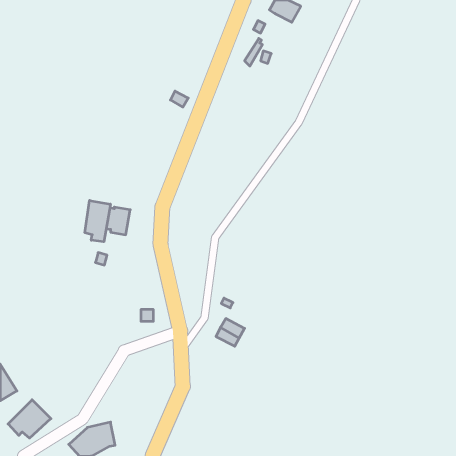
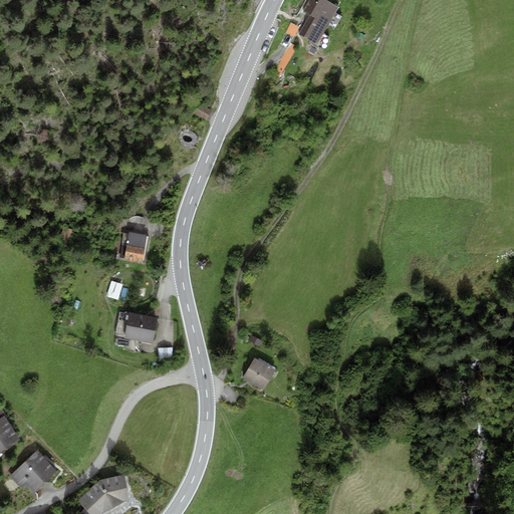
building: none -> [298,15,328,44]
building: [85,200,110,242] -> none
building: none -> [114,312,156,342]

